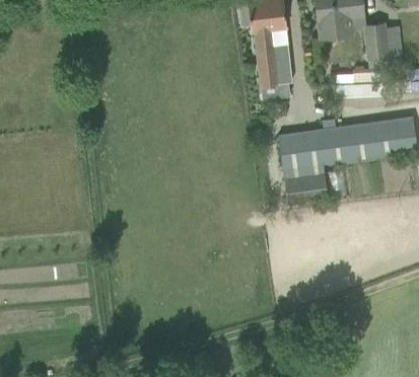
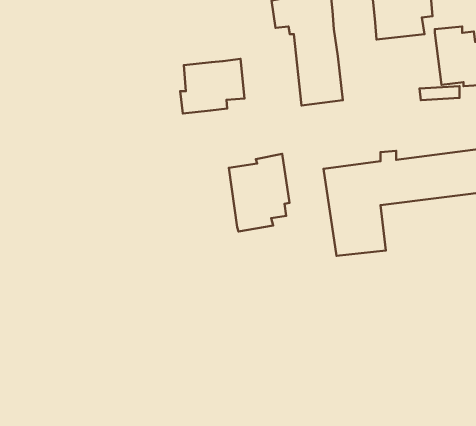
building: none -> [180,59,245,114]
building: none -> [229,154,289,231]

